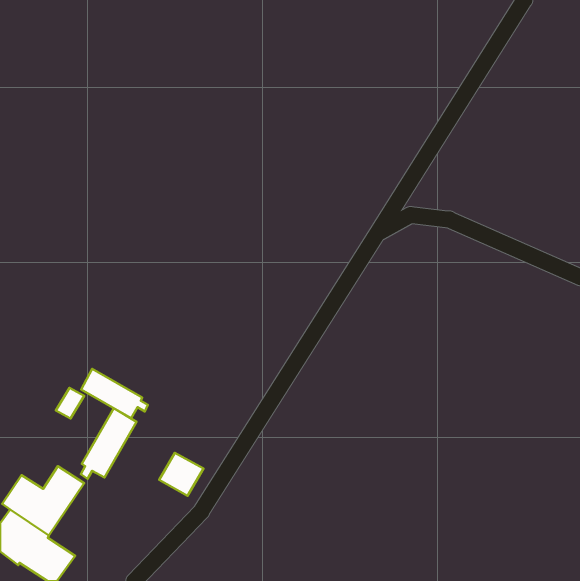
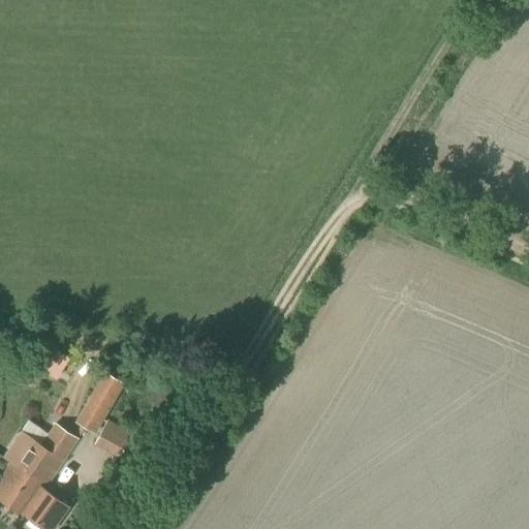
building: [81,369,148,418] -> none
building: [159,453,203,496] -> [93,419,133,459]

